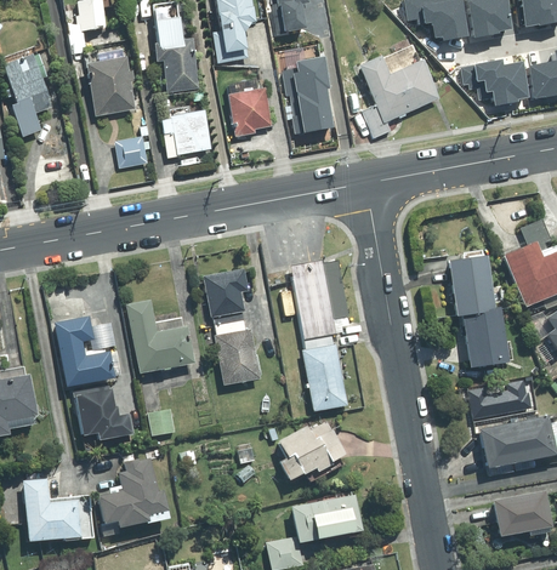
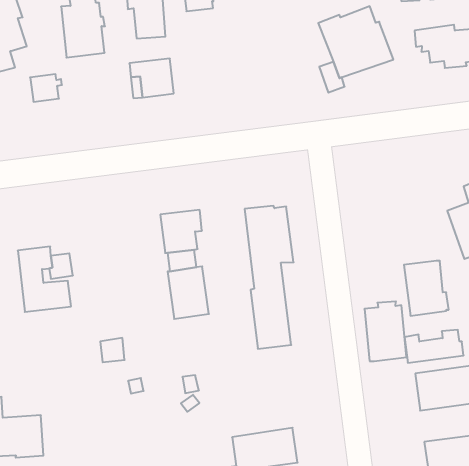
building: [280,57,333,133] -> none
building: [224,79,271,137] -> none
building: [114,137,148,167] -> [30,74,62,102]
building: [449,251,496,315] -> [364,301,407,361]
building: [125,300,194,374] -> none
building: [72,386,132,440] -> none
building: [277,421,346,480] -> none
building: [98,457,169,536] -> none

